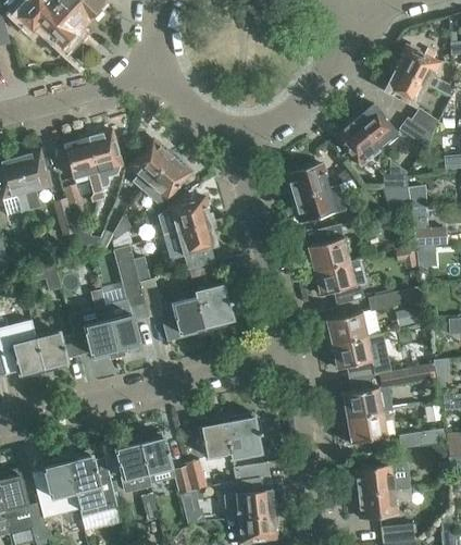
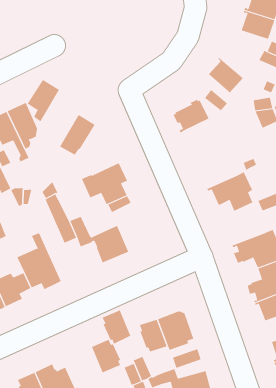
building: [352,104,397,147] -> none
building: [129,139,172,190] -> [27,79,60,122]
building: [295,185,346,223] -> none
building: [161,198,211,232] -> none
building: [308,224,348,272] -> none
building: [195,285,237,332] -> none
building: [109,313,140,352] -> none
building: [327,313,367,345] -> none
building: [115,437,147,478] -> [102,310,131,344]

